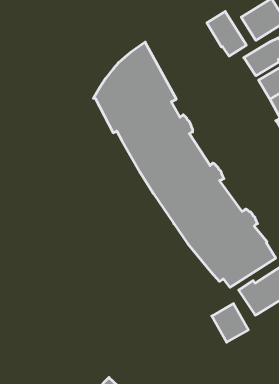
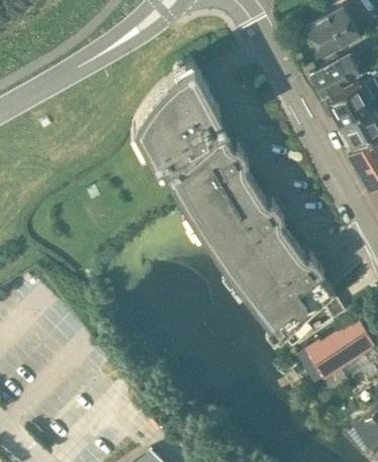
building: [207,11,246,56] -> none
building: [212,304,248,342] -> none

